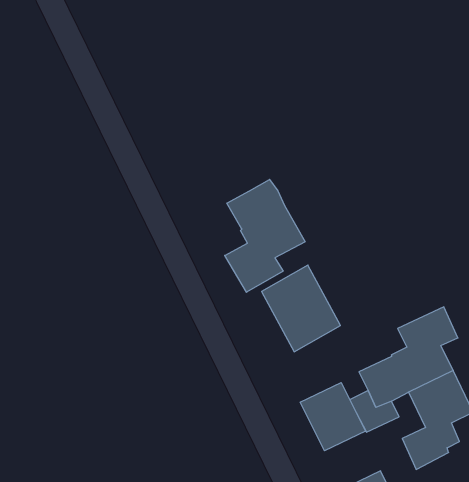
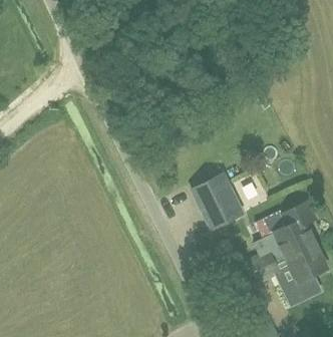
building: [225,179,305,292] -> none
building: [300,383,365,451] -> none

